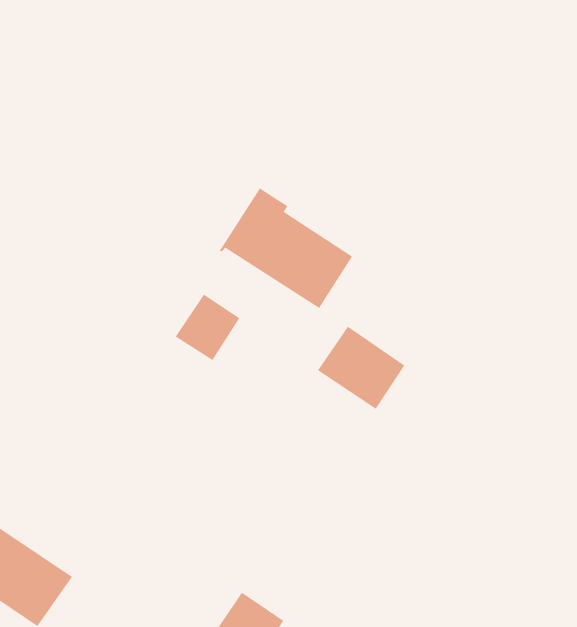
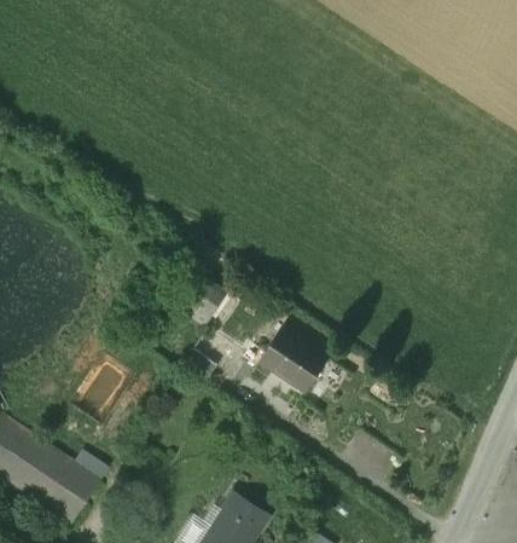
building: [218,188,353,309] -> none
building: [317,326,405,410] -> [261,324,331,391]

